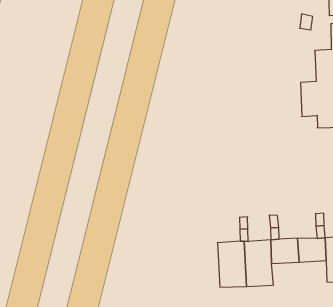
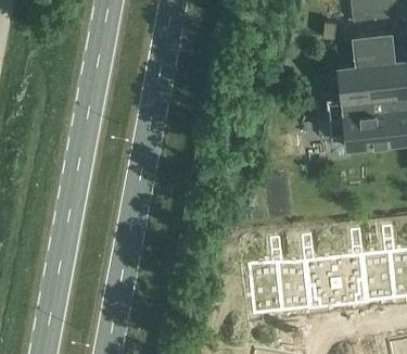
building: none -> [308,281,368,311]

